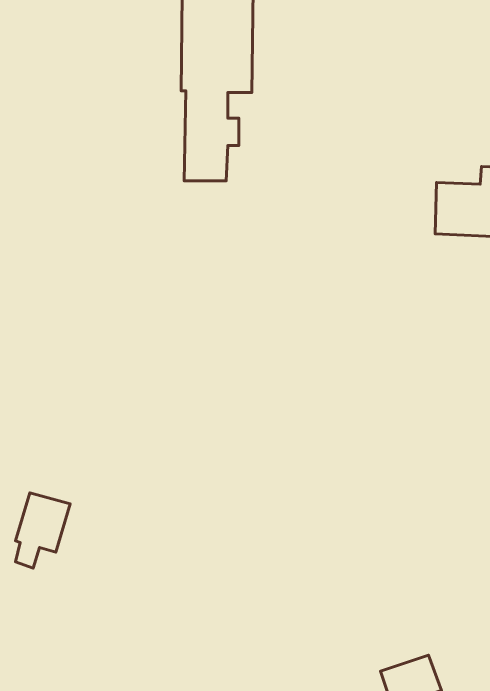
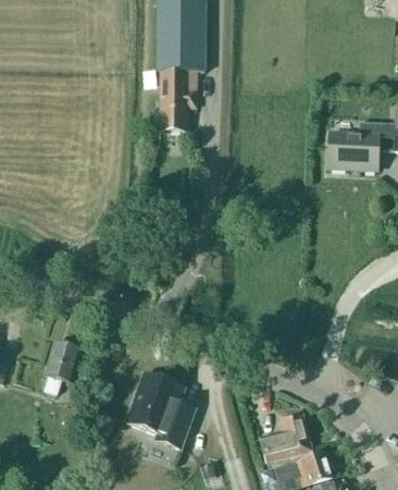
building: none -> [127,372,197,449]
building: none -> [260,409,313,462]

